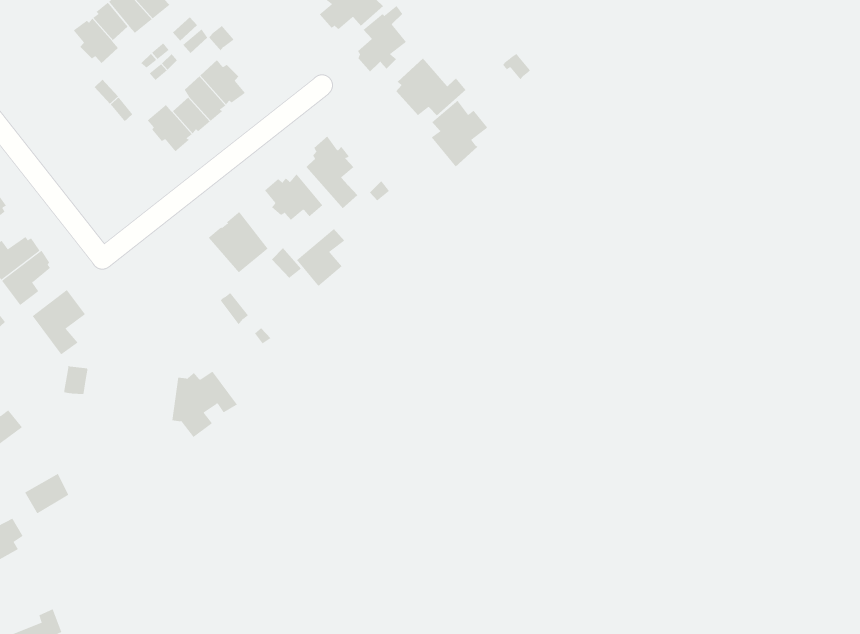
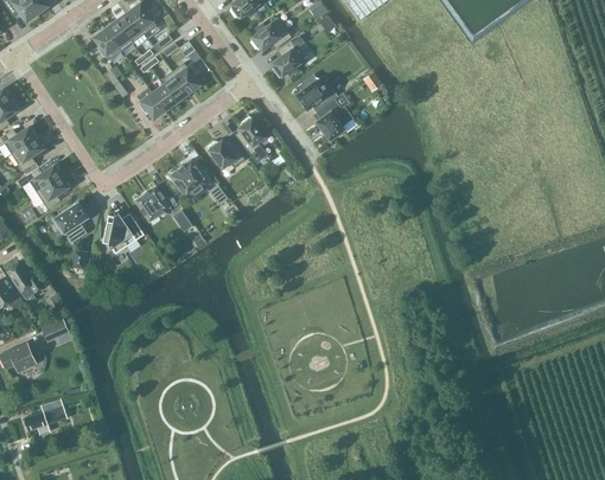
building: [296,228,345,287] -> none
building: none -> [135,185,170,220]
building: [171,371,238,438] -> [102,212,145,254]

